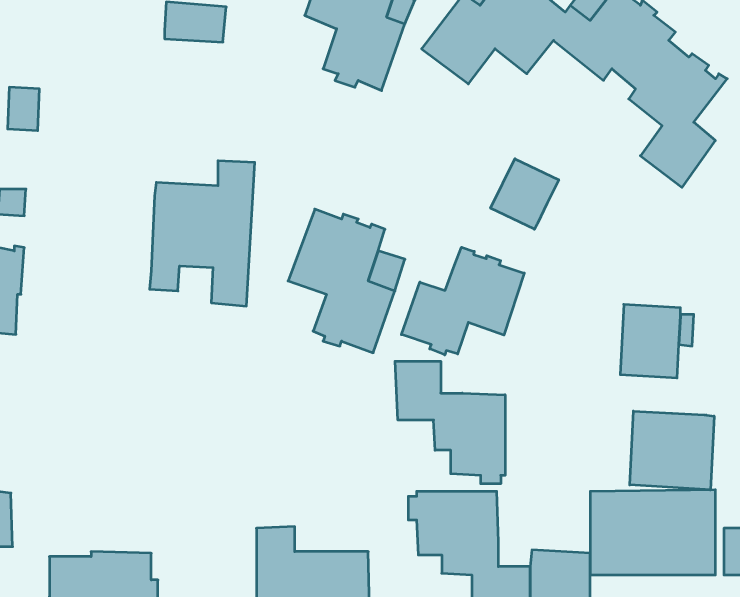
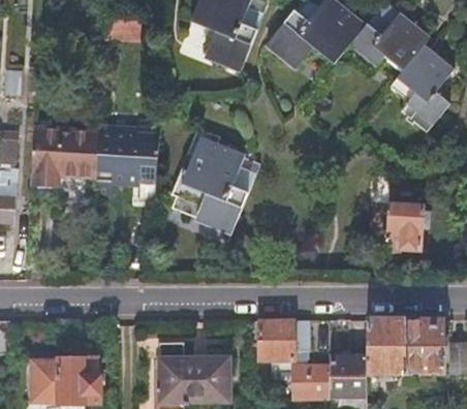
building: [491,159,559,229] -> none
building: none -> [30,132,98,191]
building: [401,247,524,355] -> none
building: [395,361,505,484] -> none
building: [630,411,714,490] -> none

